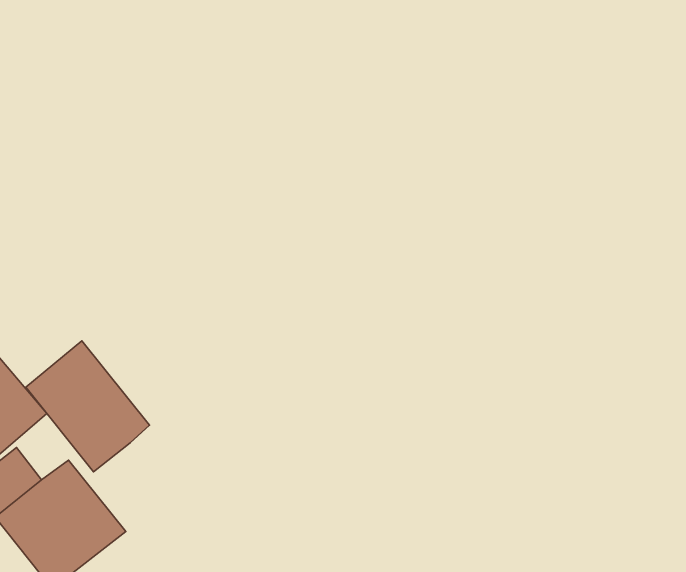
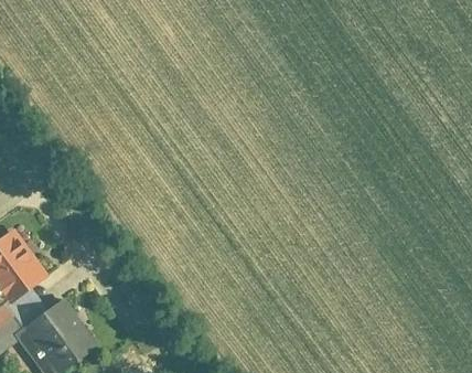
building: [26,341,150,472] -> none

